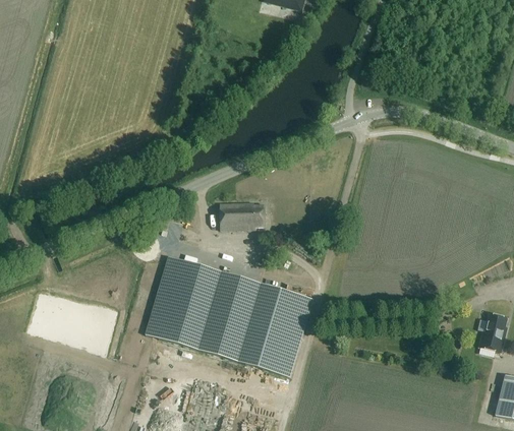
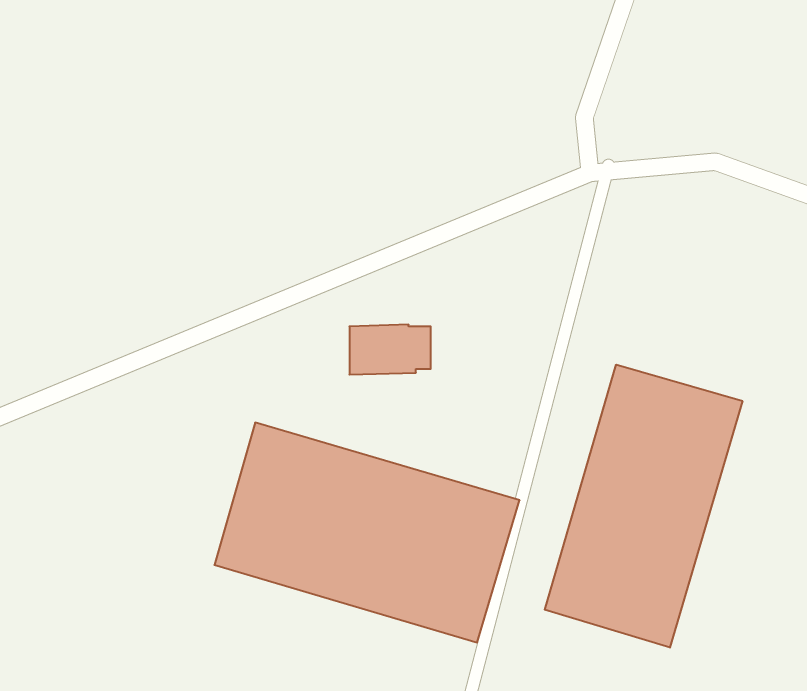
building: none -> [545,365,742,648]

